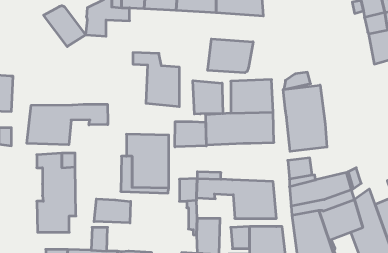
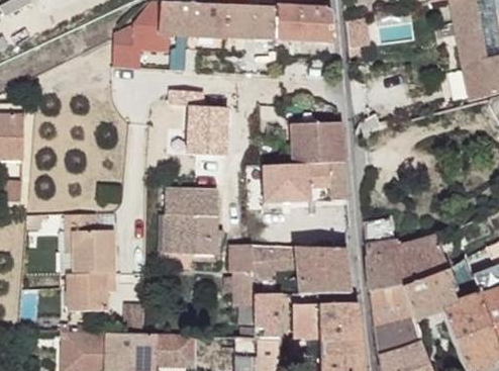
building: [44,6,86,47] -> none
building: [208,39,253,73] -> none
building: [193,81,223,114] -> none
building: [283,85,327,151] -> none
building: [27,104,108,145] -> none
building: [175,122,206,147] -> none
building: [94,199,131,223] -> none

